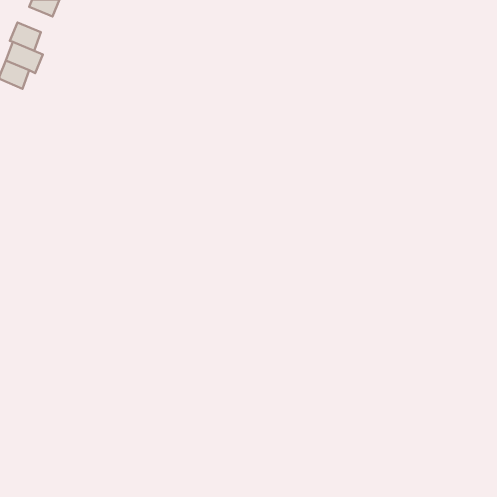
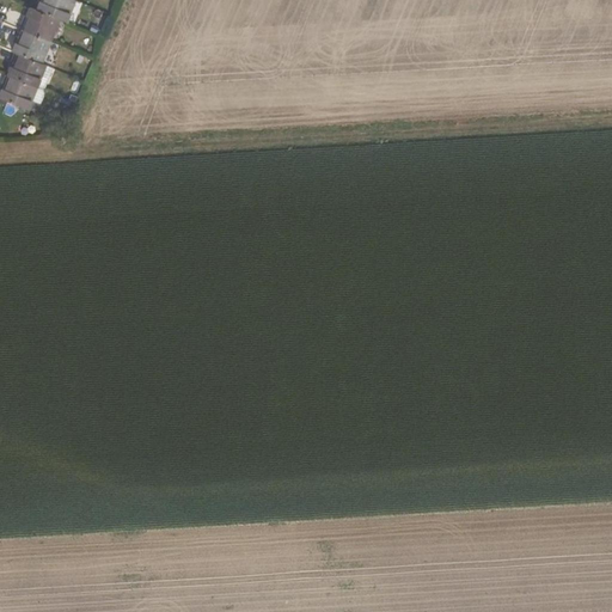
building: none -> [22,6,59,39]

